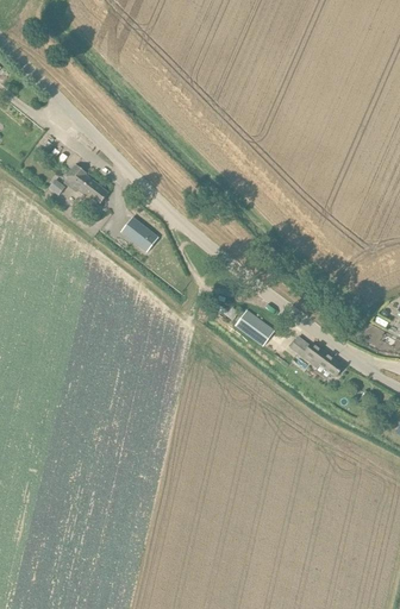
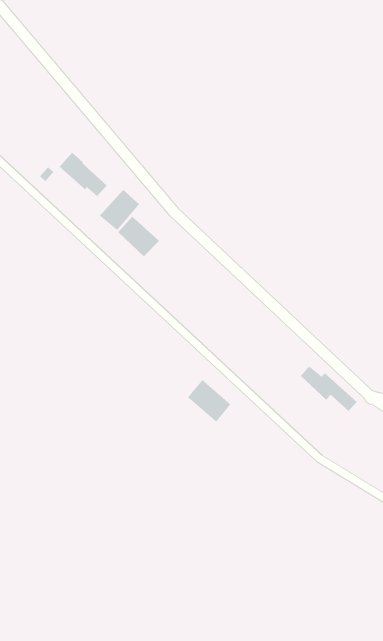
building: none -> [99,189,140,231]
building: [235,309,274,346] -> [187,379,231,422]

